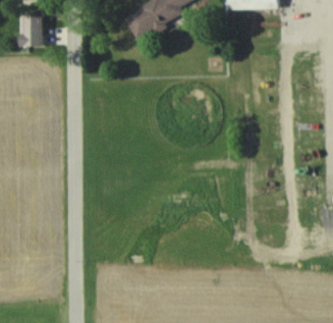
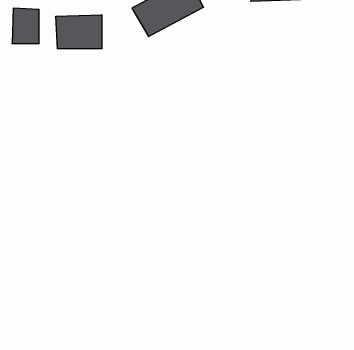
building: none -> [56,15,102,49]

